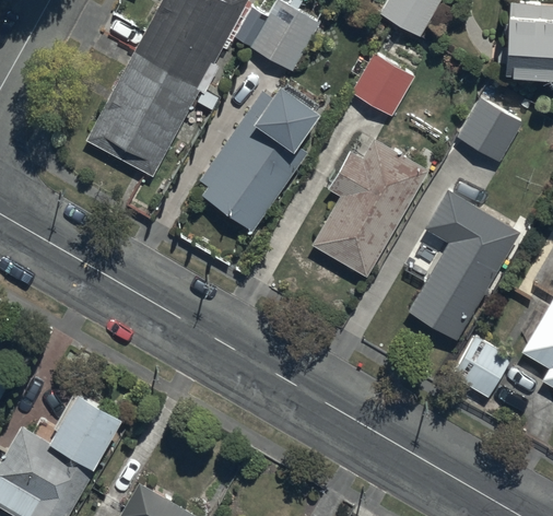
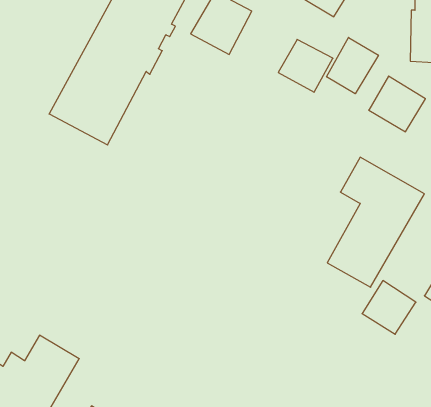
building: none -> [327,37,378,94]
building: [198,72,319,218] -> none
building: [311,140,427,278] -> none

